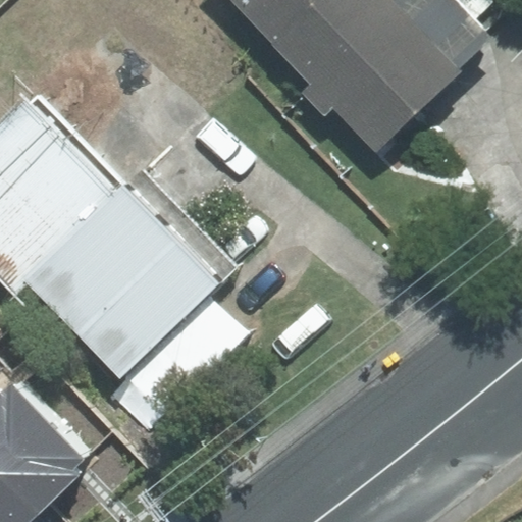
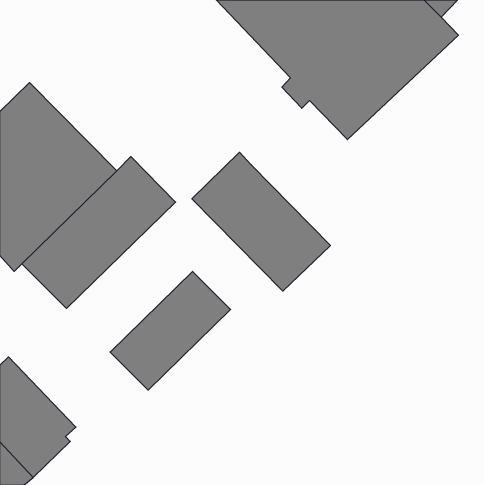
building: none -> [192,152,330,291]
building: [71,217,236,378] -> none

